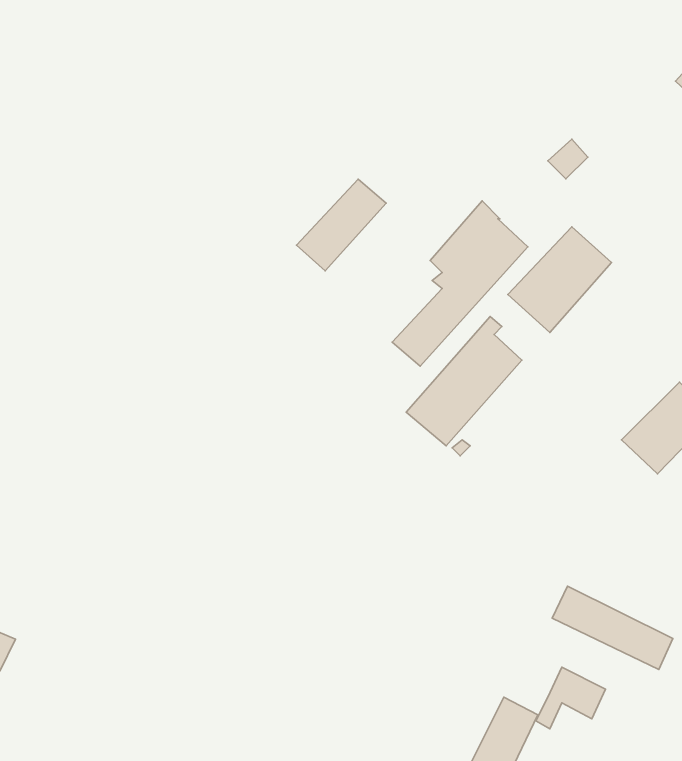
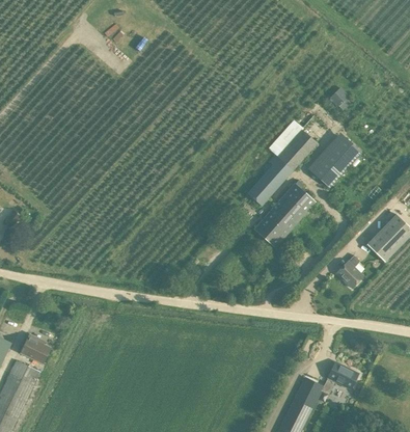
building: [296,179,386,271] -> none
building: none -> [335,255,362,289]
building: [552,586,673,669] -> none

